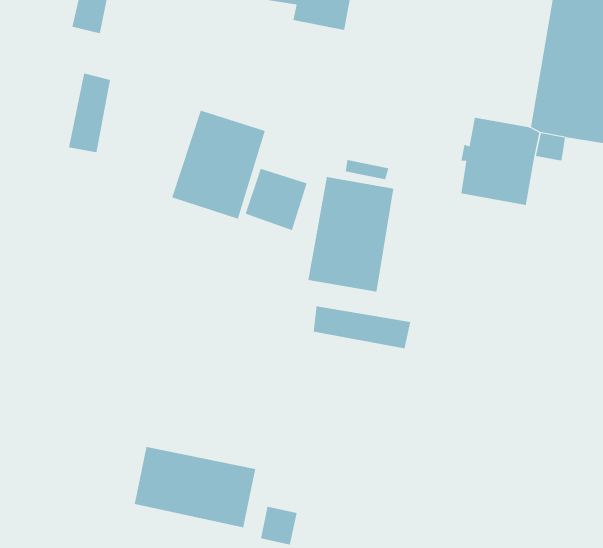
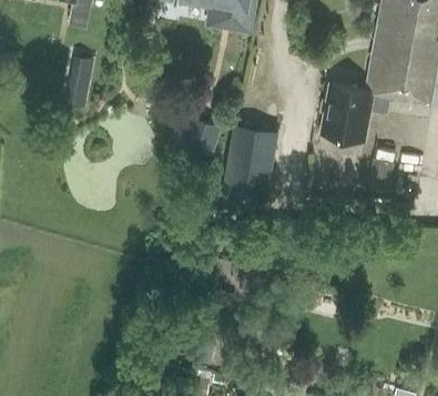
building: [171,110,266,219] -> none
building: [313,305,411,349] -> none
building: [134,446,256,528] -> none

